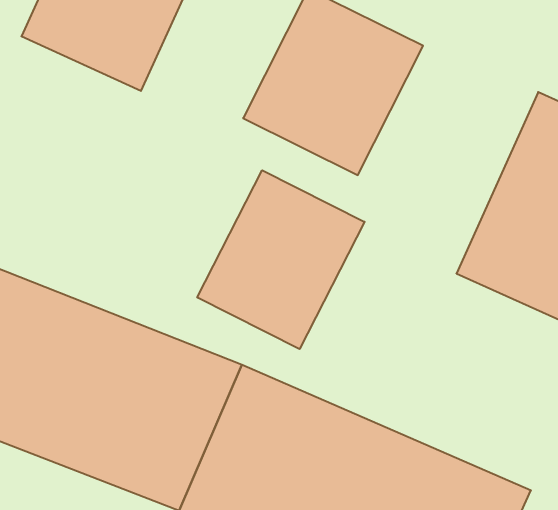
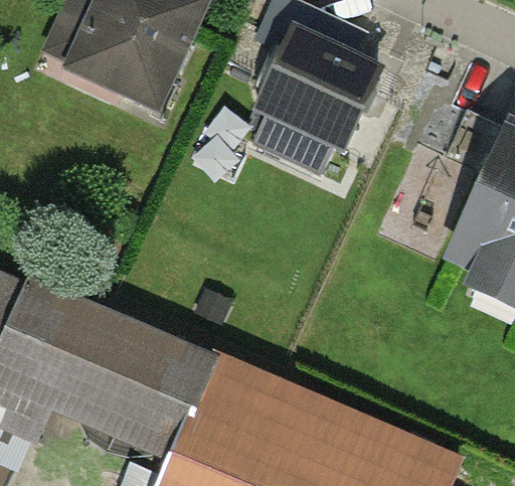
building: [197,170,365,349] -> none

